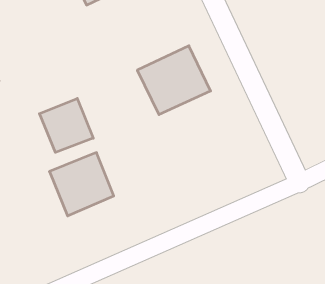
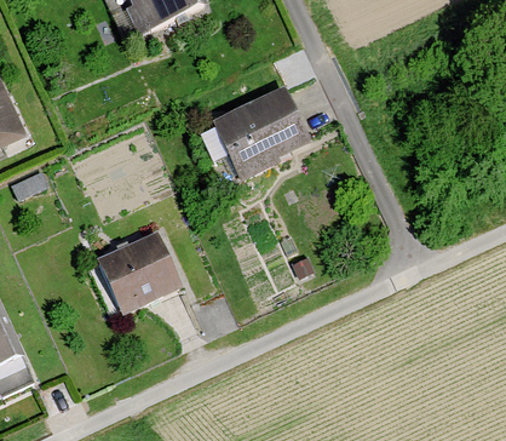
building: [39,98,93,152] -> none

